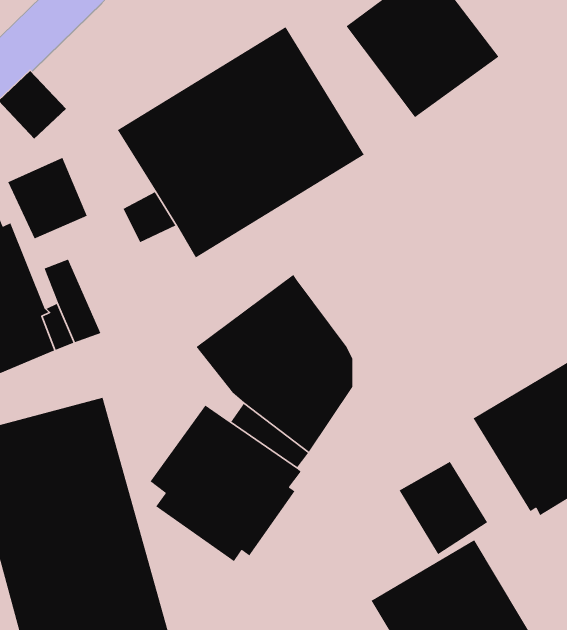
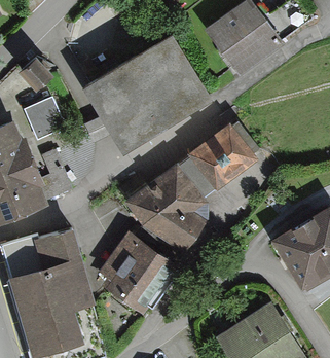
building: none -> [177,119,260,200]
building: [399,461,488,555] -> none

